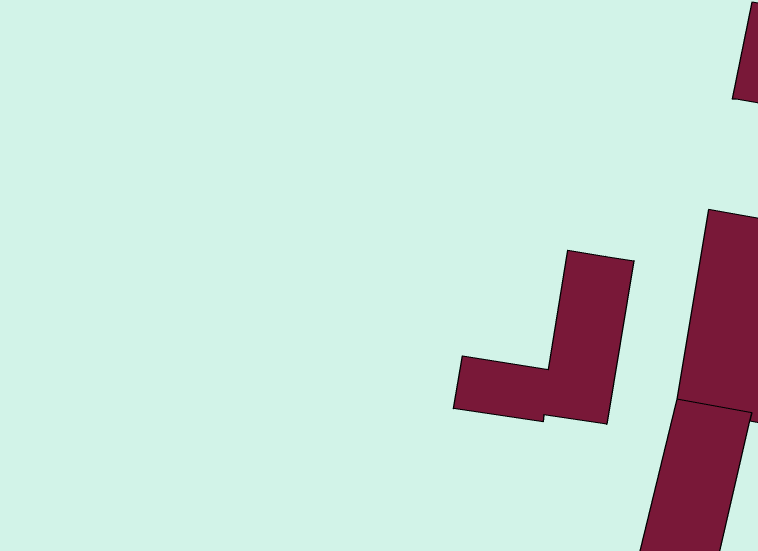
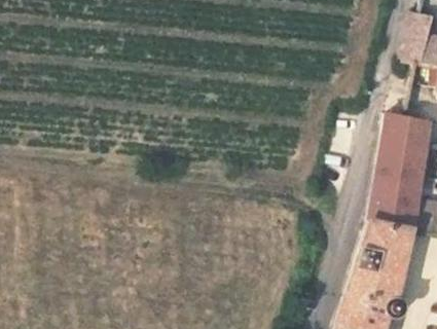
building: [453,250,634,424] -> none

